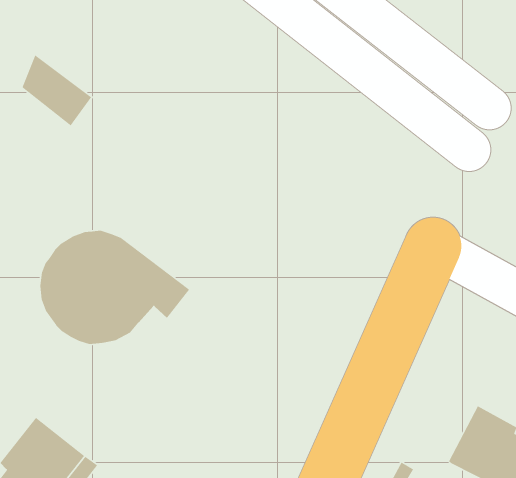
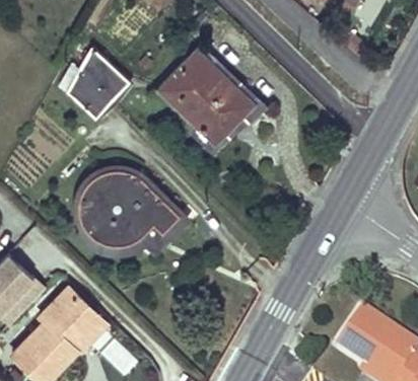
building: none -> [158,49,252,142]
building: none -> [68,69,111,116]

